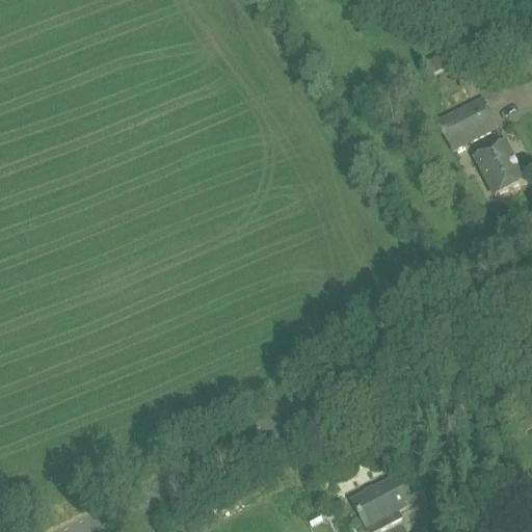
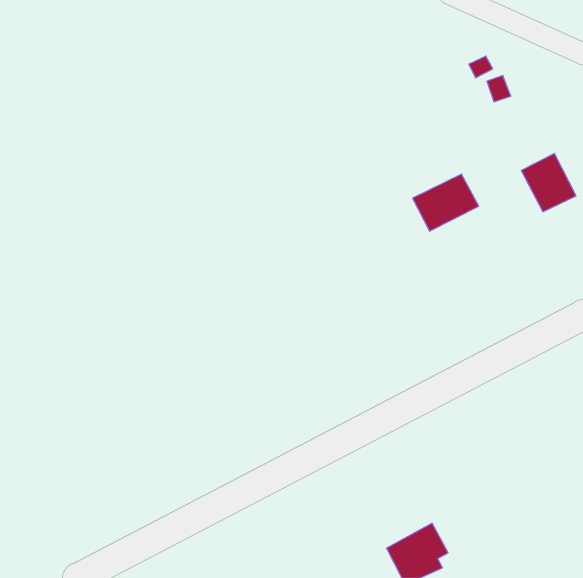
building: [436,96,497,148] -> [413,174,479,231]

